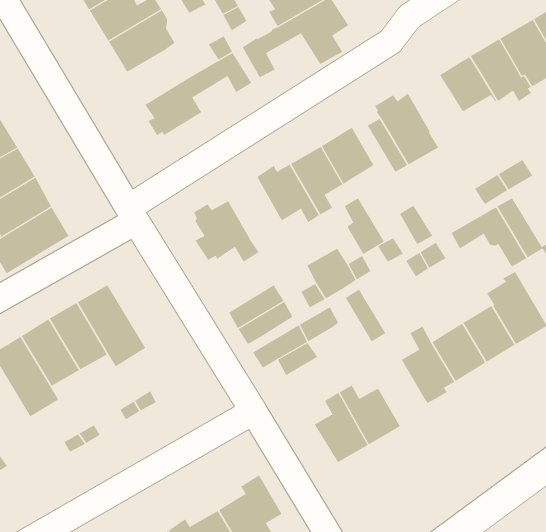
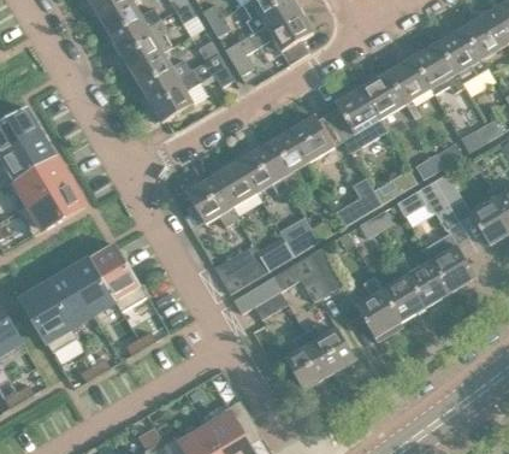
building: none -> [131,53,189,98]
building: none -> [361,73,406,119]
building: none -> [214,157,258,207]
building: [344,197,385,255] -> [297,255,331,302]

